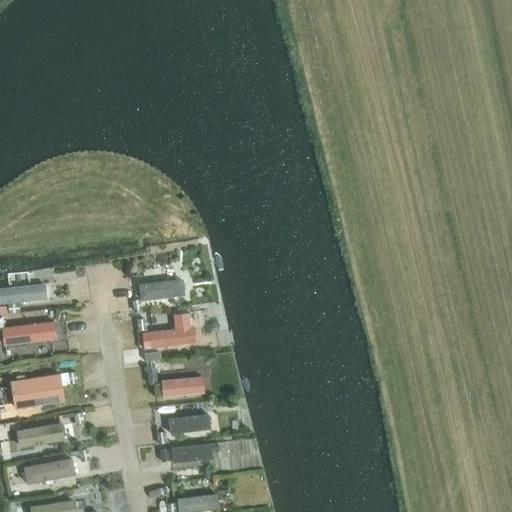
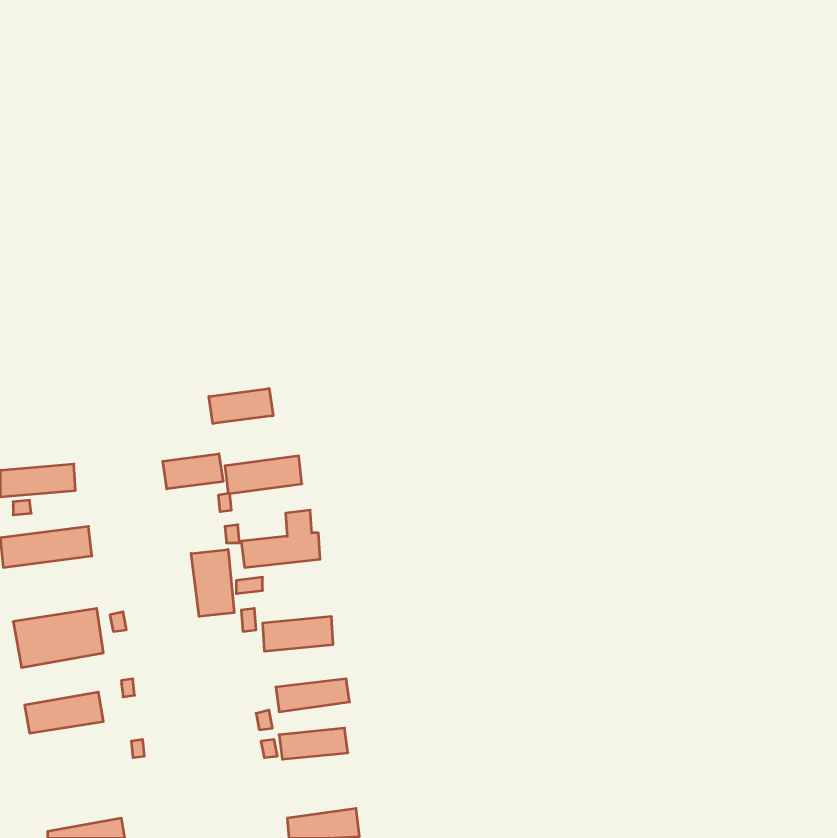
building: none -> [209,388,273,424]
building: none -> [163,454,223,489]
building: none -> [191,549,234,616]
building: [23,458,75,485] -> none

